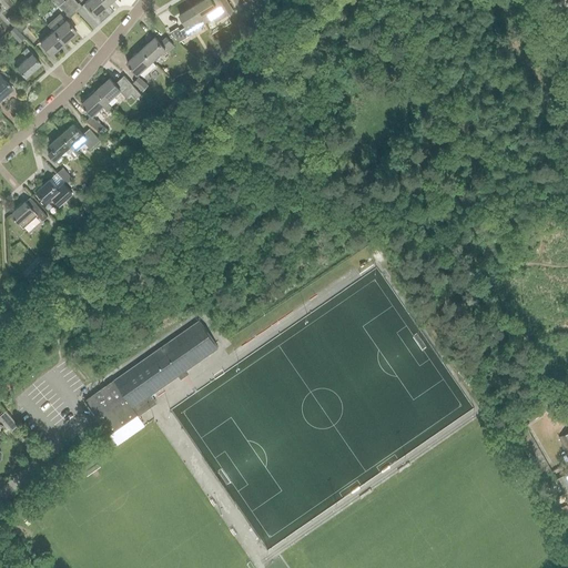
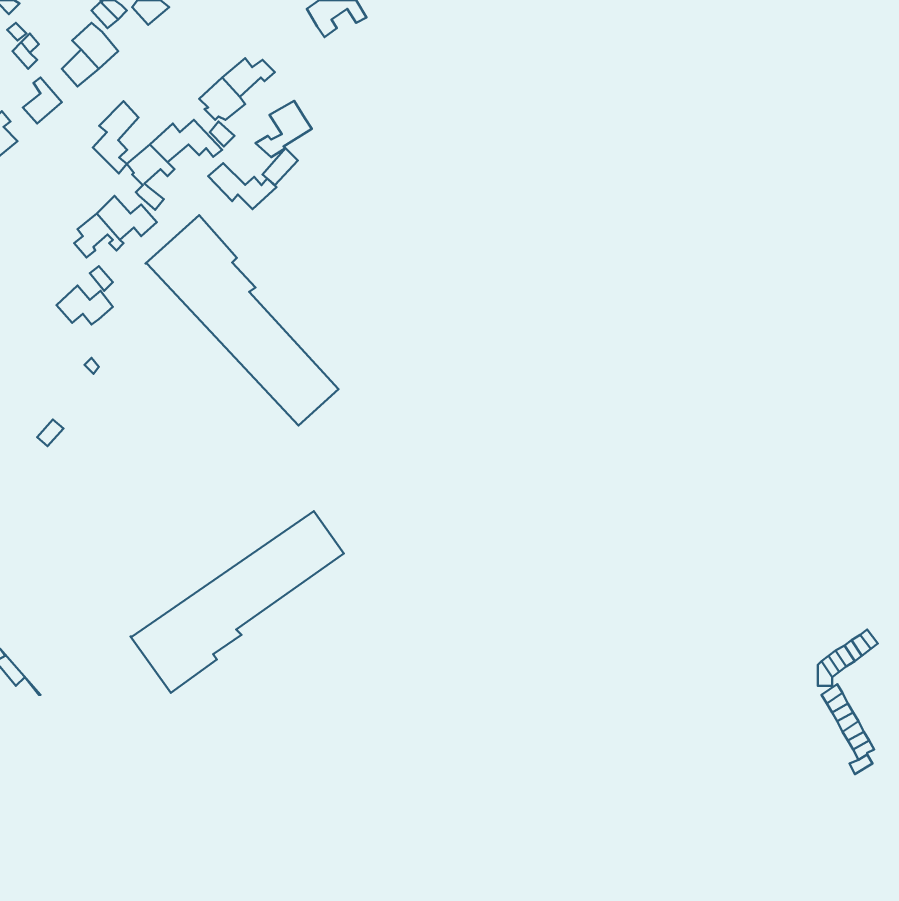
building: [169,6,204,41] -> [255,101,312,157]
building: none -> [93,101,139,173]
building: none -> [208,163,276,209]
building: none -> [145,215,338,426]
building: [10,197,47,227] -> none

